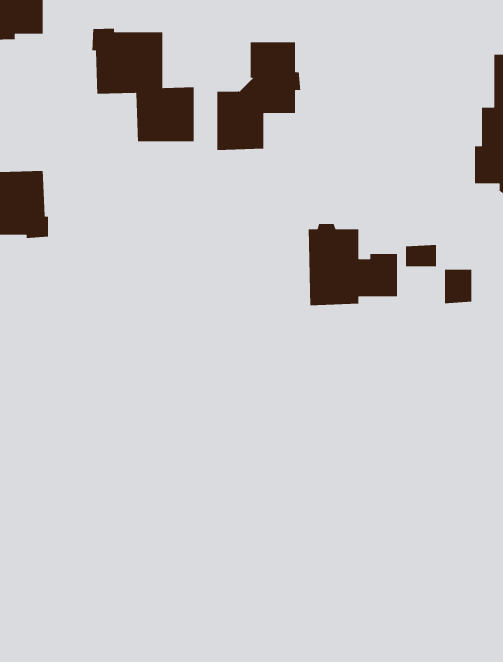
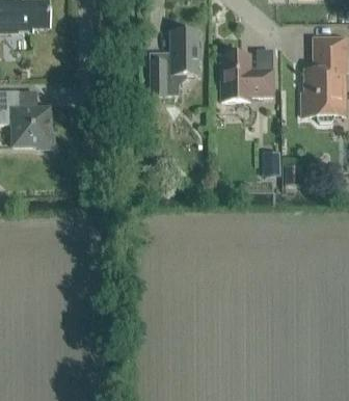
building: [91,28,194,142] -> none
building: [308,223,398,306] -> [220,52,273,101]

